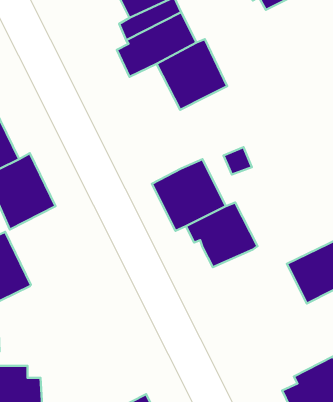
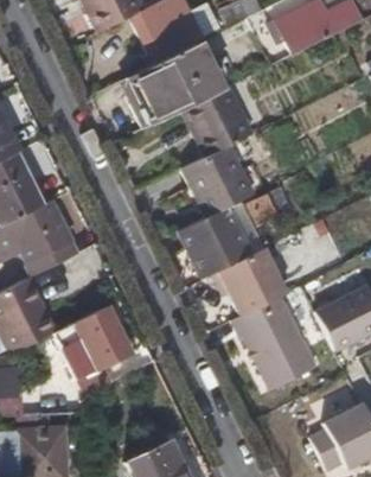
building: none -> [183,142,256,215]
building: none -> [228,297,314,390]
building: none -> [53,306,133,380]

